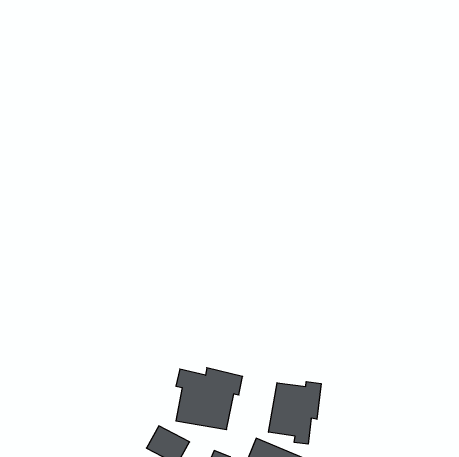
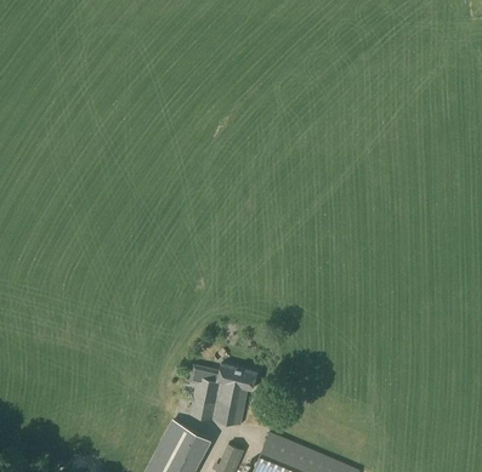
building: [269,382,321,444] -> none

